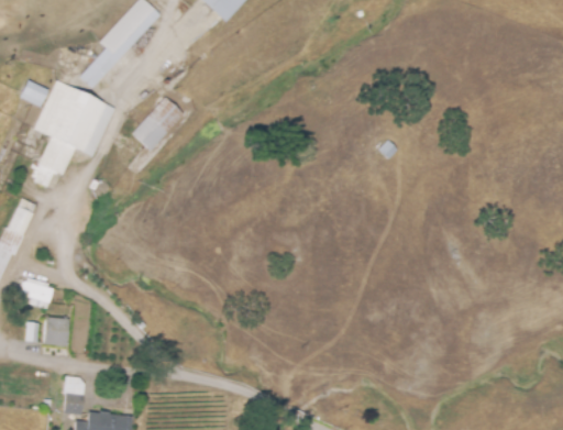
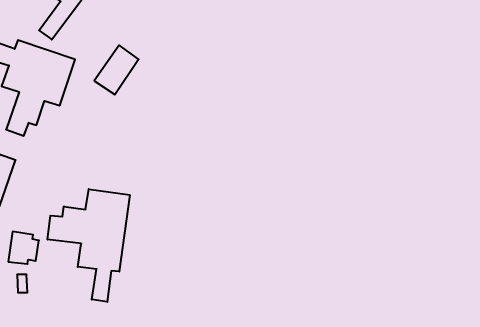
building: none -> [48,189,130,302]
building: [44,318,70,346] -> none

